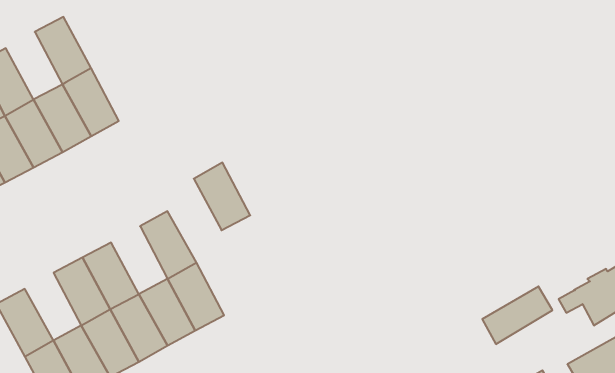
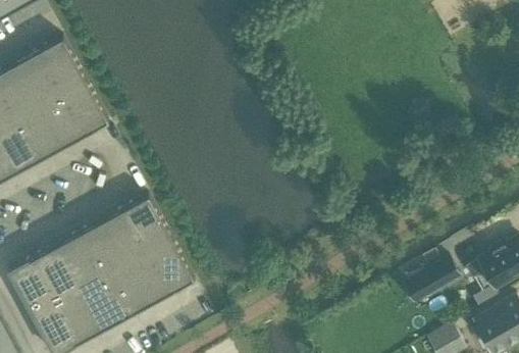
building: none -> [13,52,59,107]
building: [194,163,250,230] -> [99,210,145,265]
building: none -> [29,248,74,303]

